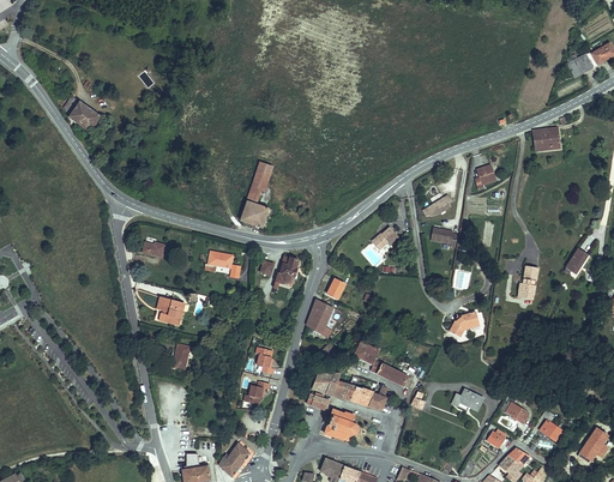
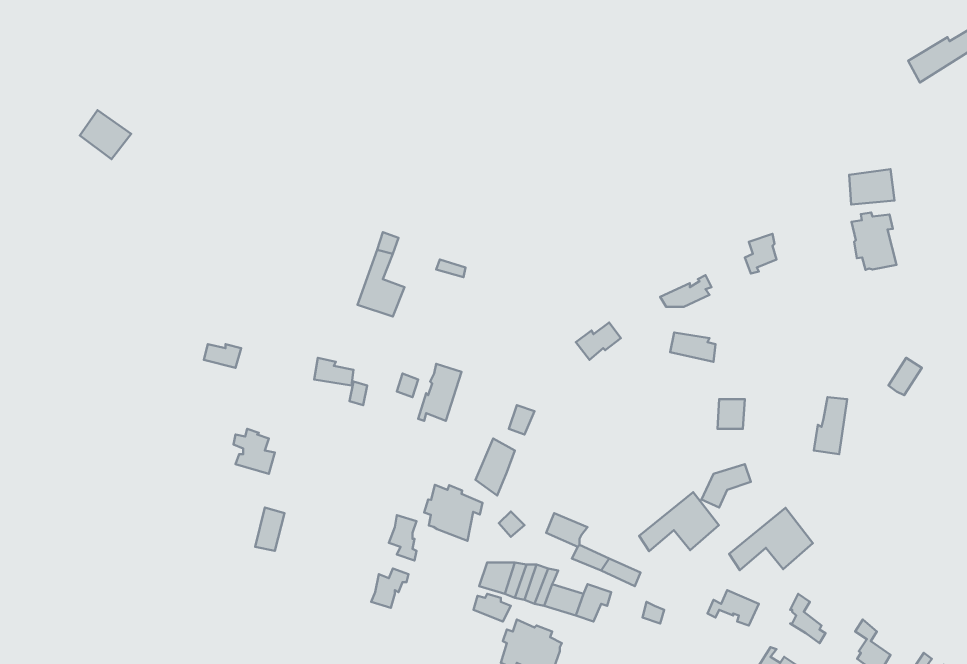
building: none -> [851,212,897,270]
building: none -> [424,485,483,541]
building: none -> [639,492,719,551]
building: none -> [729,508,813,570]

